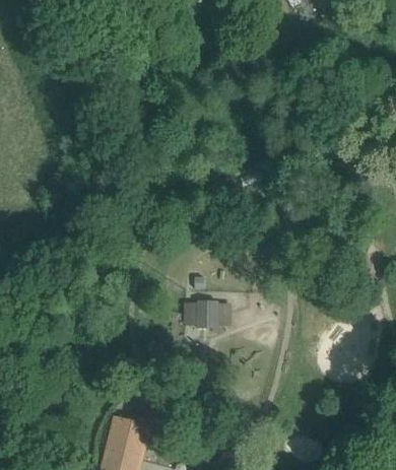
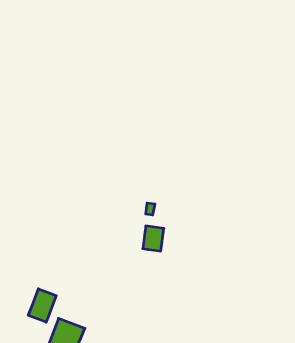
building: none -> [28,289,56,322]

